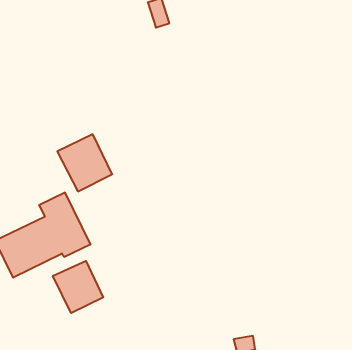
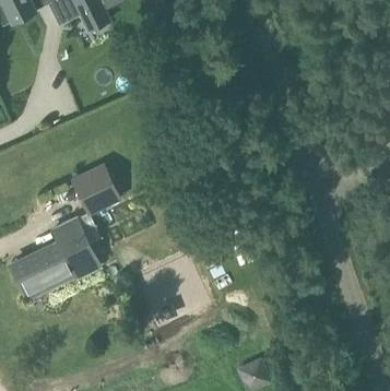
building: [53,261,103,313] -> none

